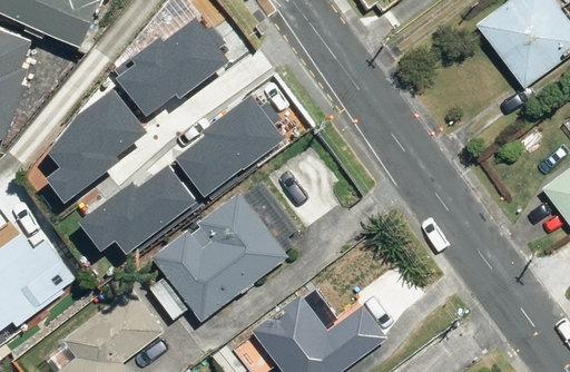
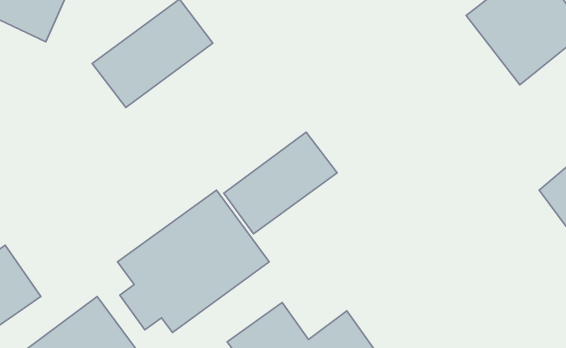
building: [48,87,145,175] -> none
building: [184,91,289,186] -> [224,132,337,234]
building: [87,161,195,255] -> none

